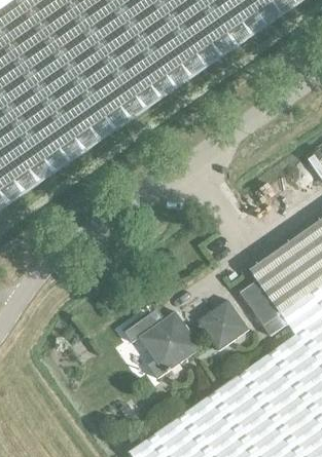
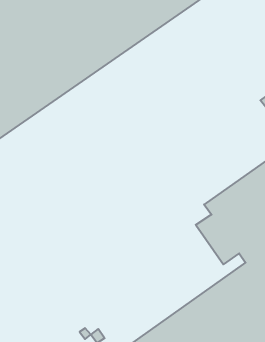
building: [123,304,243,379] -> none

